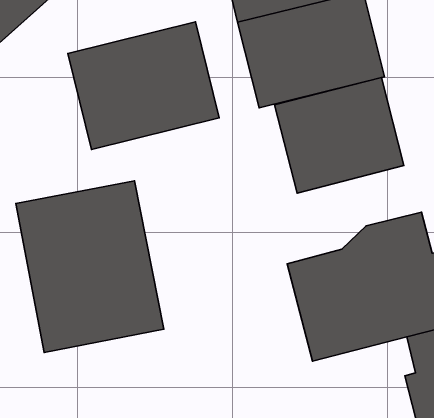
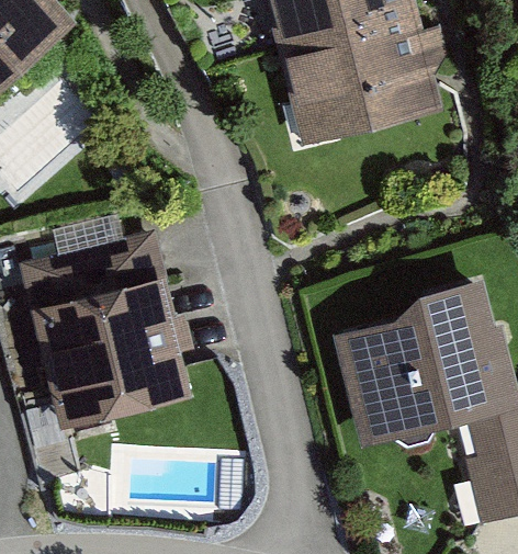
building: [68,22,219,149] -> none
building: [275,78,404,193] -> none

